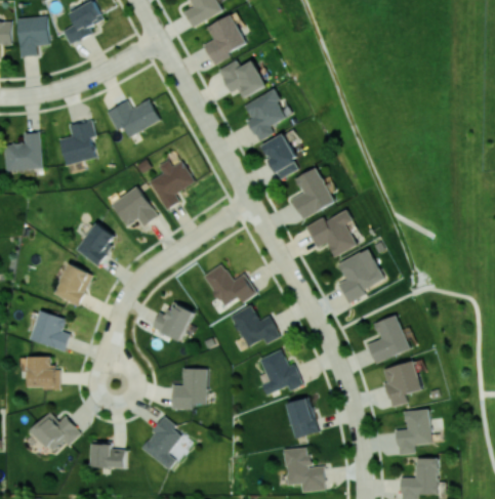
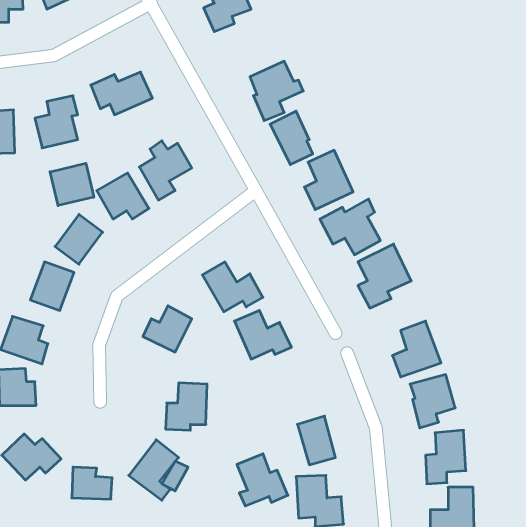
building: [219,60,265,97] -> none
building: none -> [50,163,94,206]
building: [258,349,302,394] -> [237,454,288,506]

